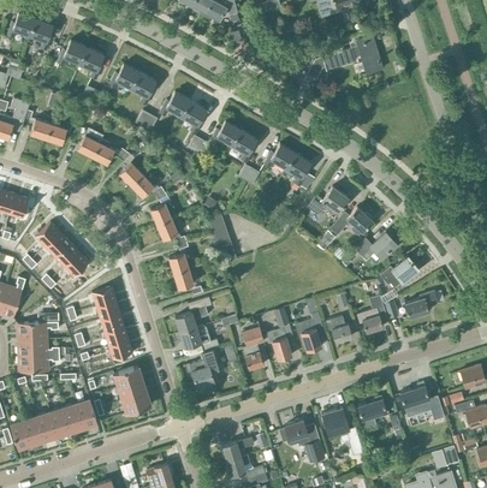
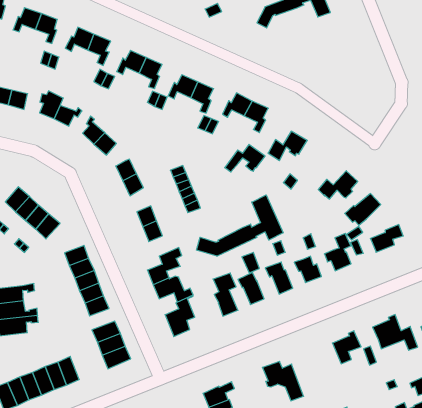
building: [329,208,372,236] -> [225,144,265,172]
building: none -> [196,195,283,256]
building: [321,407,350,442] -> none

